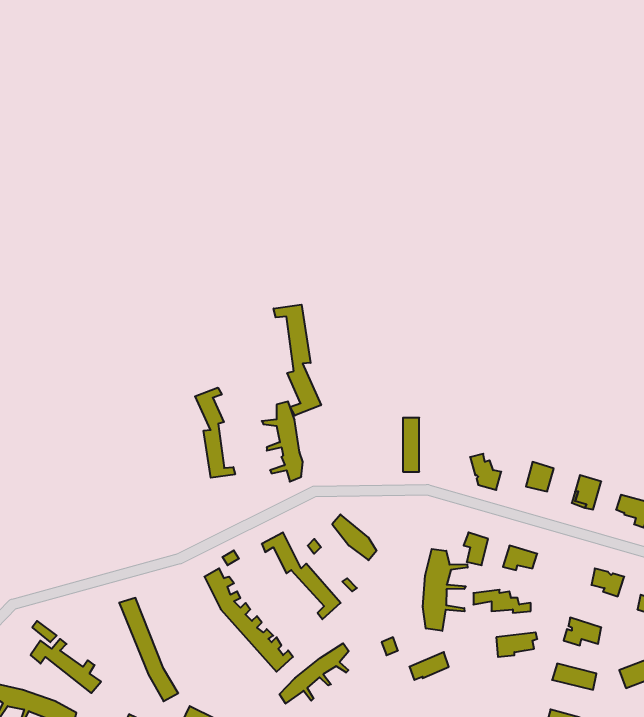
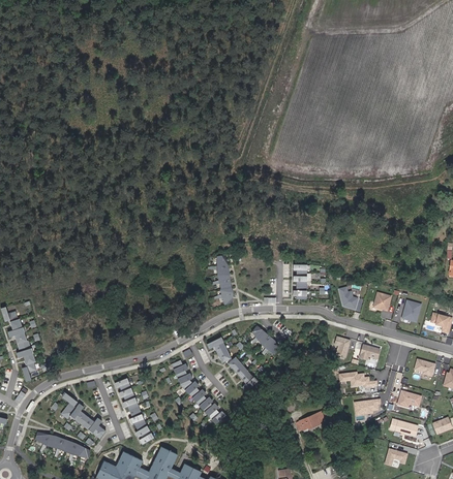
building: [274,305,321,416] -> none
building: [195,388,235,478] -> none
building: [423,549,468,631] -> none
building: [280,643,349,704] -> none

